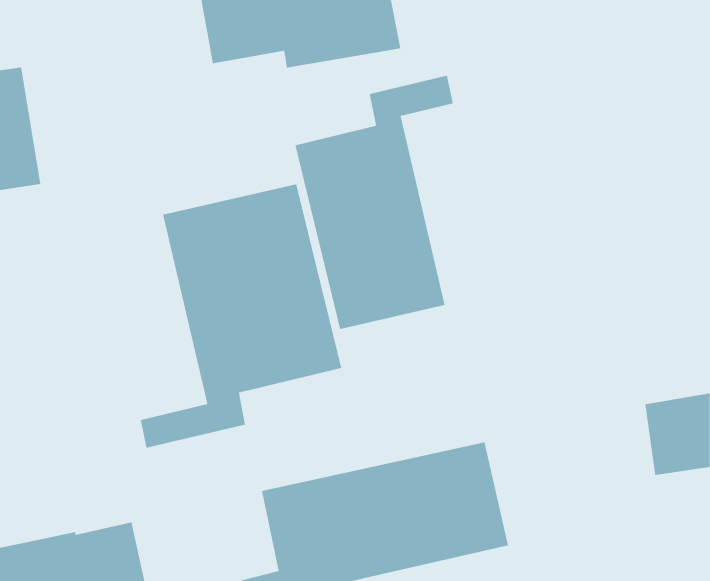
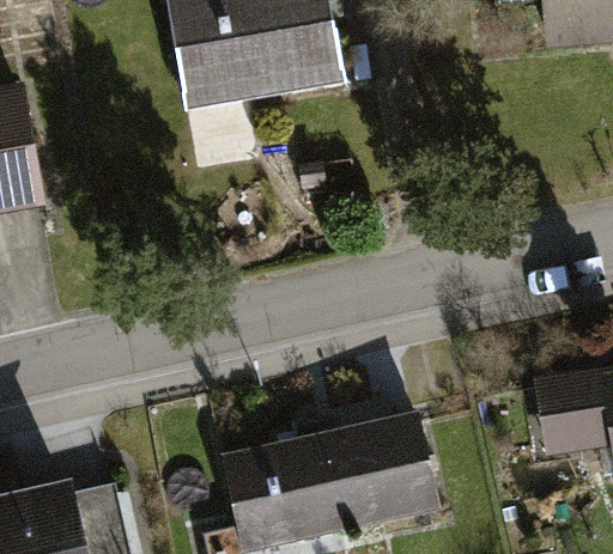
building: [295,75,453,330] -> none
building: [140,183,342,449] -> none

